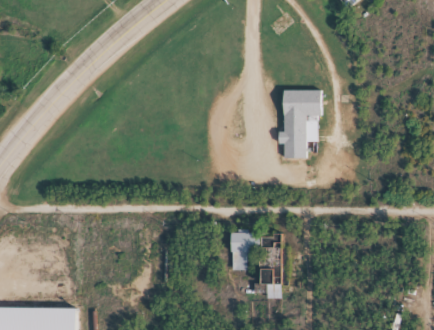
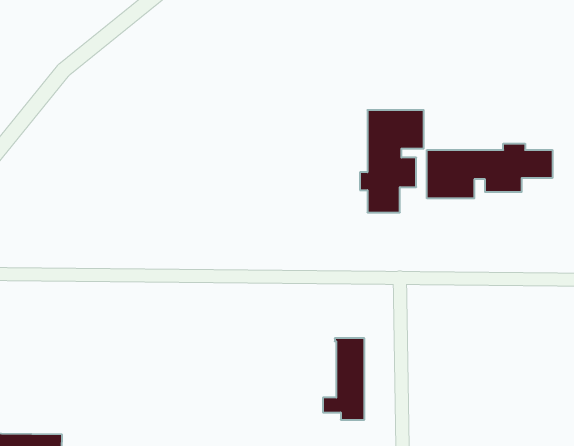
building: none -> [427,144,552,198]
building: [230,232,259,270] -> none

